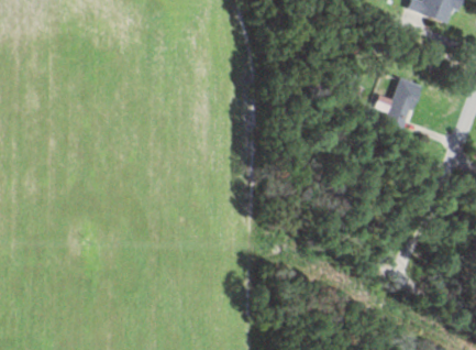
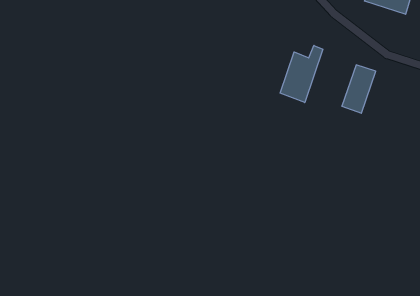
building: none -> [280,45,323,103]

